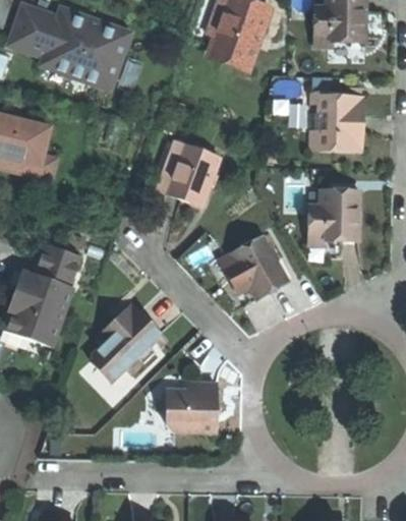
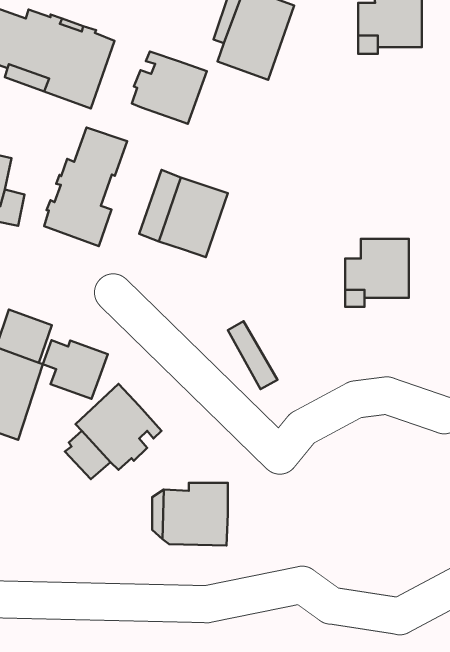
building: none -> [132,51,207,124]
building: [310,92,363,149] -> none
building: none -> [44,127,127,246]
building: [229,236,287,300] -> none
building: none -> [43,340,108,399]

